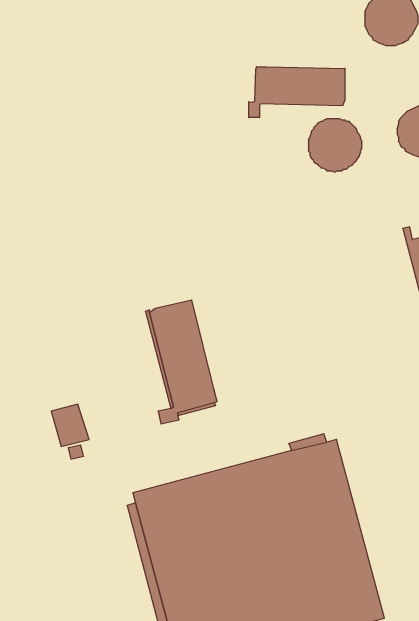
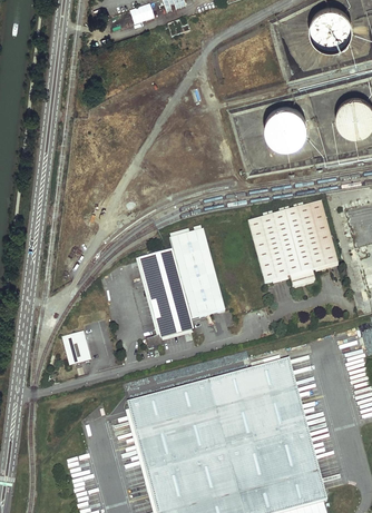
building: [249,67,345,118] -> none
building: none -> [248,203,337,288]
building: none -> [170,231,226,320]

